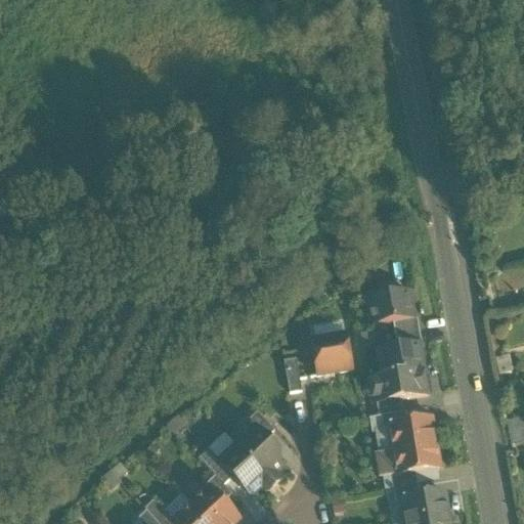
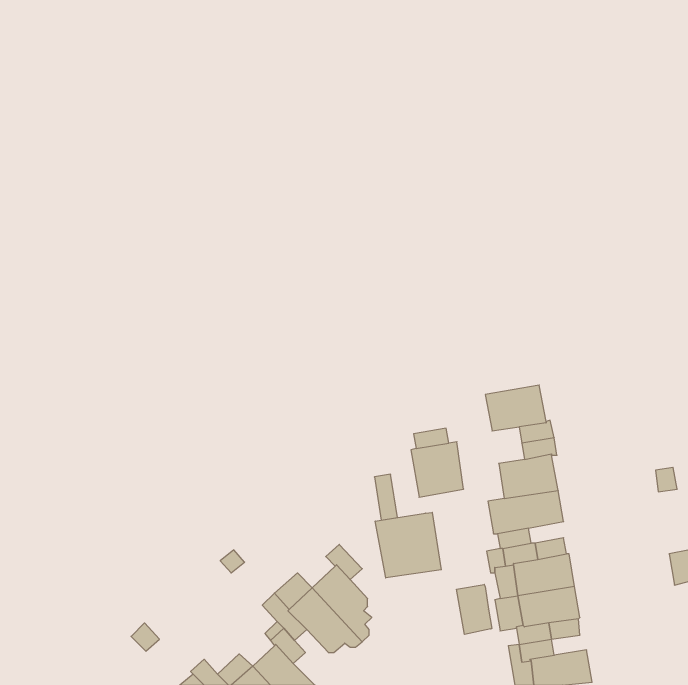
building: none -> [375,512,441,578]
building: none -> [457,584,492,634]

